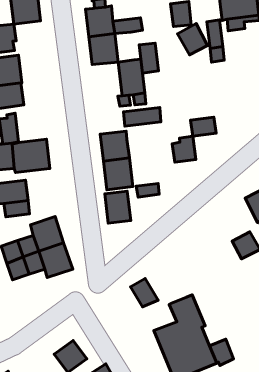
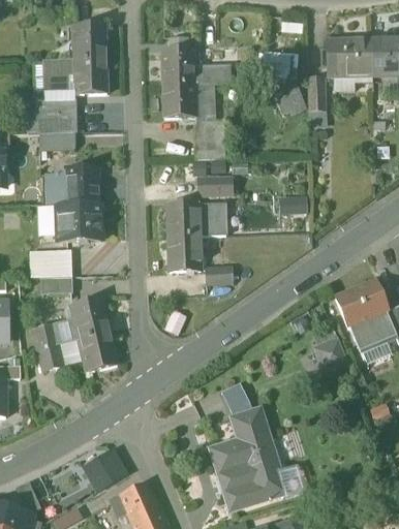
building: none -> [73,58,108,93]
building: [139,43,158,73] -> [195,82,216,117]
building: none -> [65,167,100,204]
building: [172,136,196,162] -> [198,205,225,235]
building: [105,191,131,223] -> none
building: [131,279,158,307] -> [221,382,253,416]

